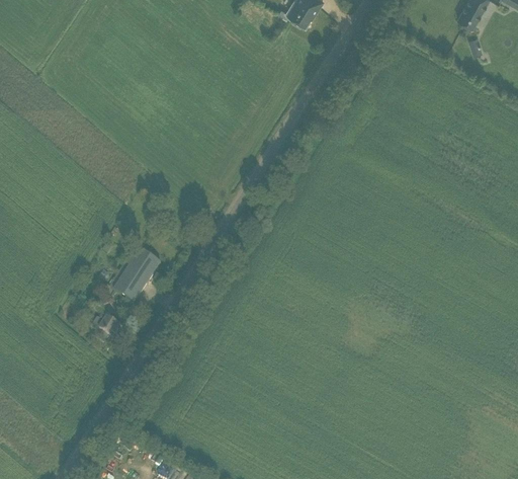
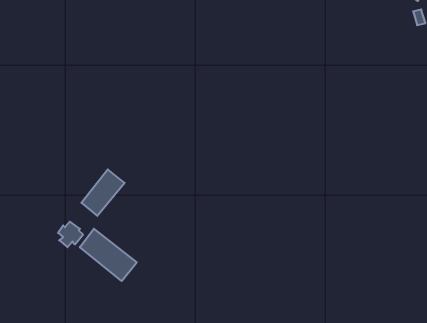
building: none -> [80,229,137,281]

